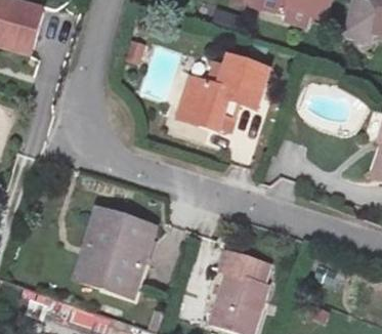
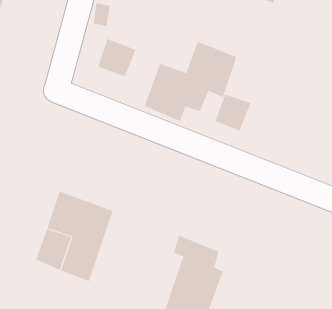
building: none -> [98,38,136,77]
building: none -> [215,94,251,132]

